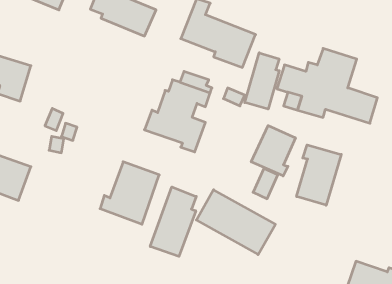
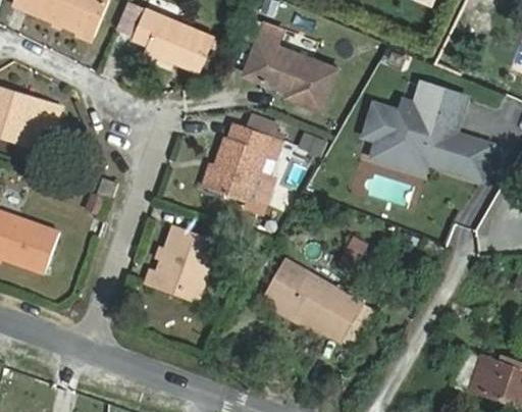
building: [245,53,279,109] -> none
building: [251,126,295,176] -> none
building: [297,145,341,205] -> none
building: [150,187,196,256] -> none

